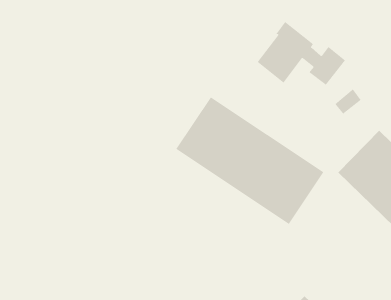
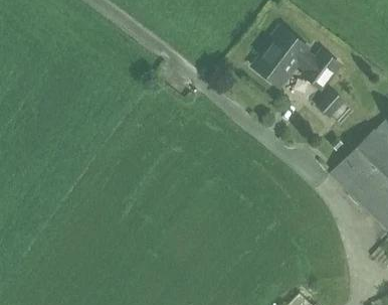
building: [176,96,324,225] -> none

